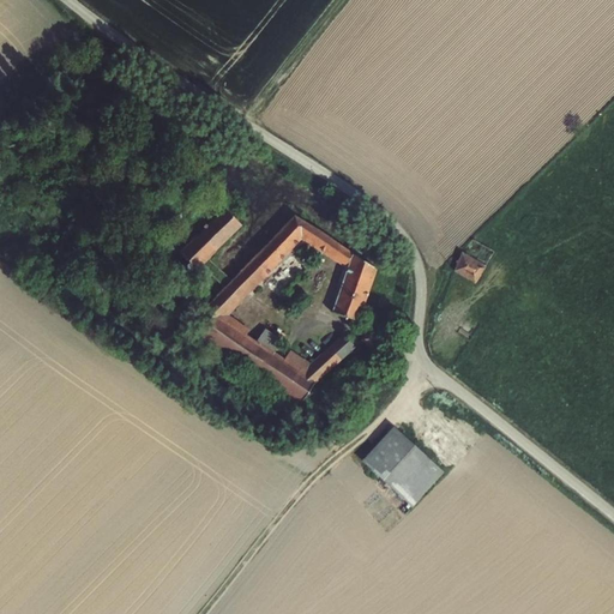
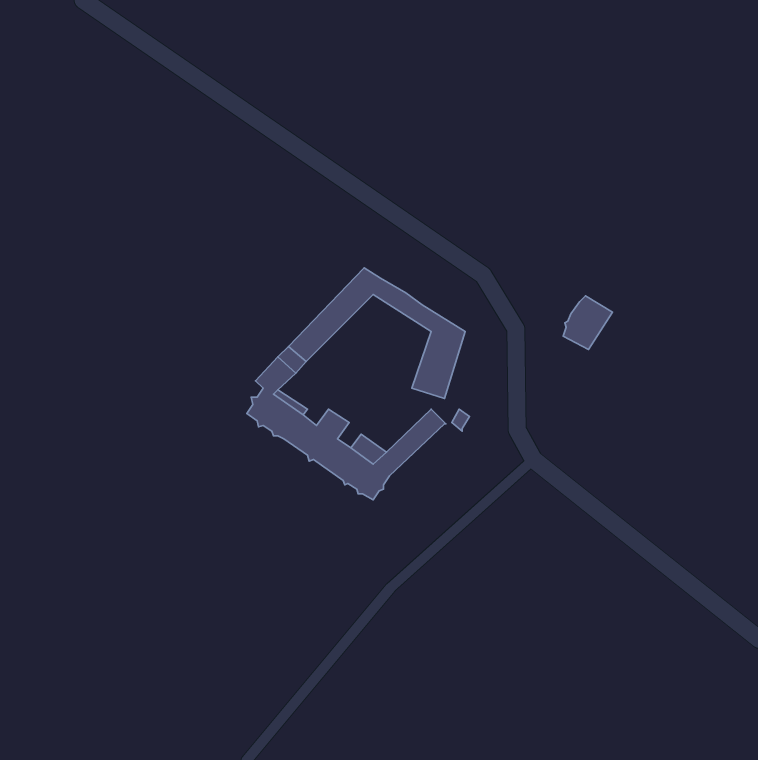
building: [180,209,239,271] -> none
building: [362,428,443,506] -> none

